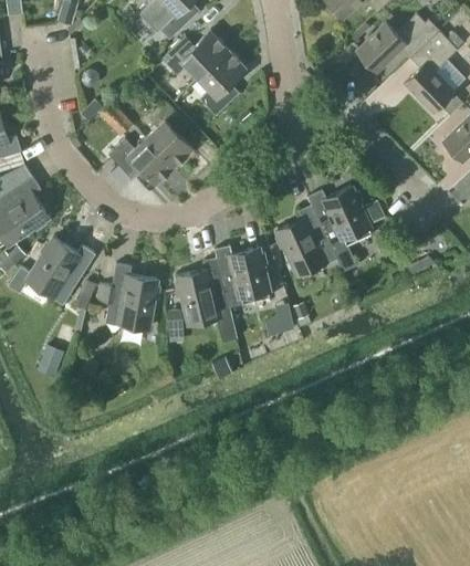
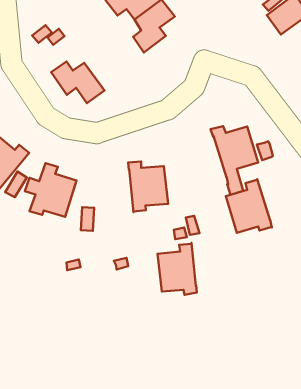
building: [146,102,194,168] -> none
building: [278,205,337,272] -> [226,179,272,233]
building: [178,258,231,321] -> [158,243,197,295]

